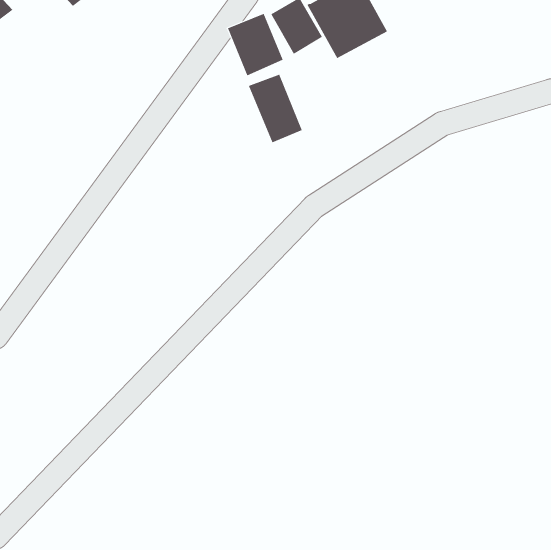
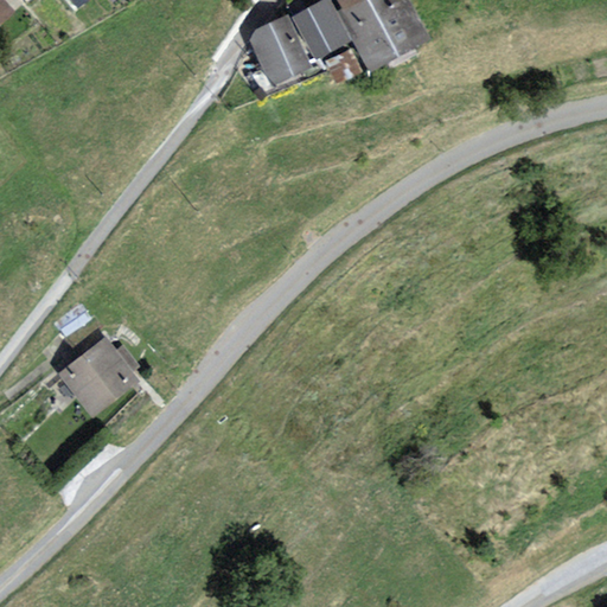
building: [248,74,303,143] -> none
building: none -> [58,337,140,417]

